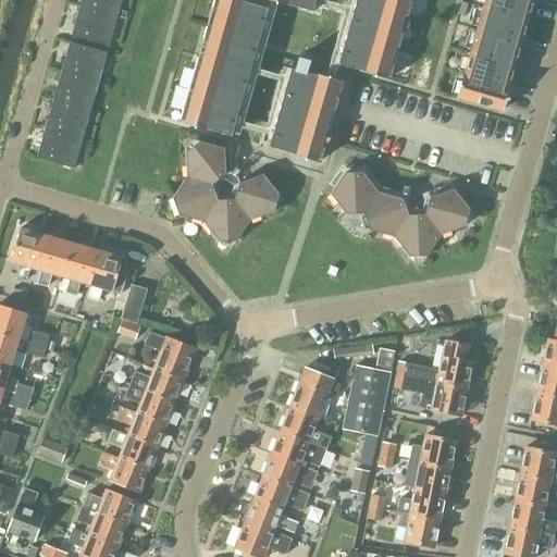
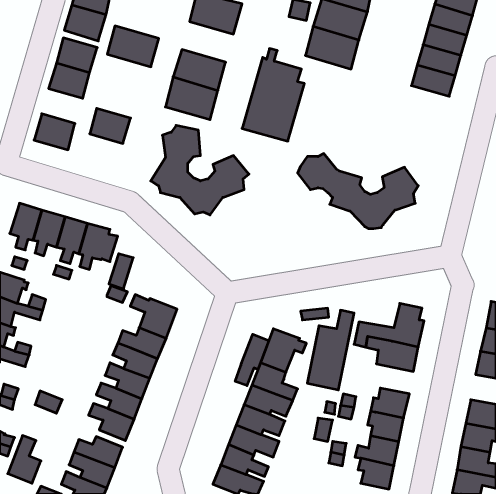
building: [203,24,261,70] -> [107,26,159,67]
building: [47,99,92,138] -> [90,108,131,143]
building: none -> [235,334,269,386]

